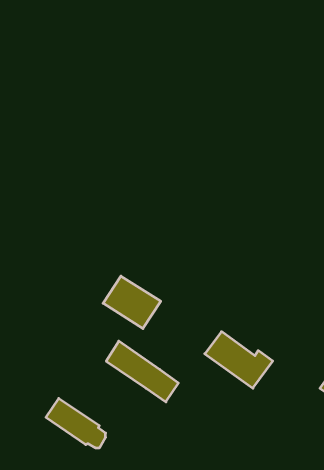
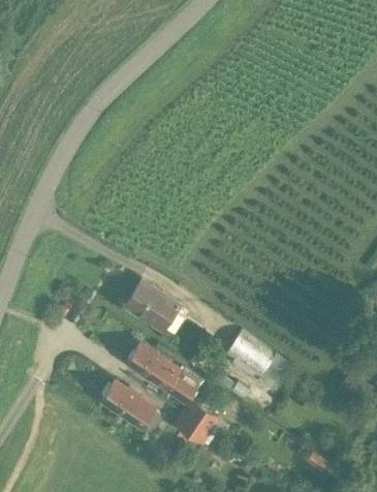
building: [46,398,106,448] -> [102,380,161,429]
building: none -> [176,399,220,441]

